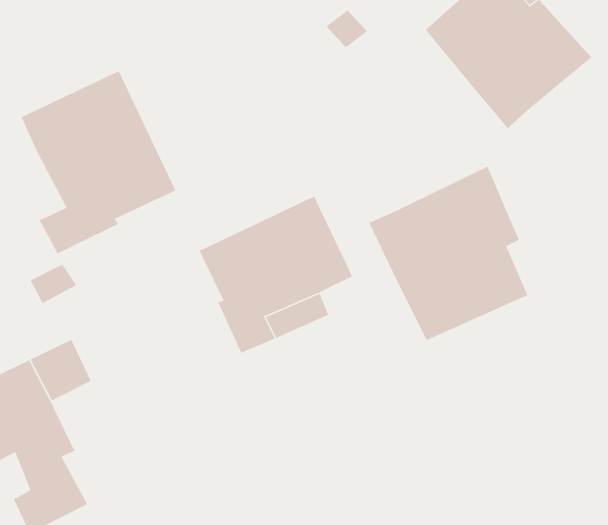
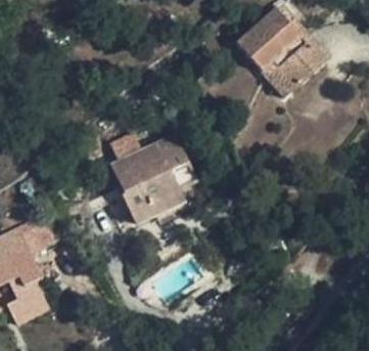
building: [21,70,176,254] -> none
building: [368,165,528,341] -> none

